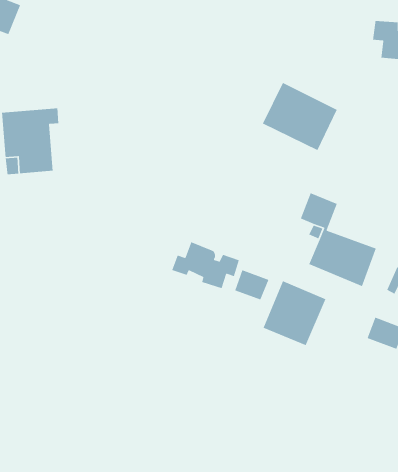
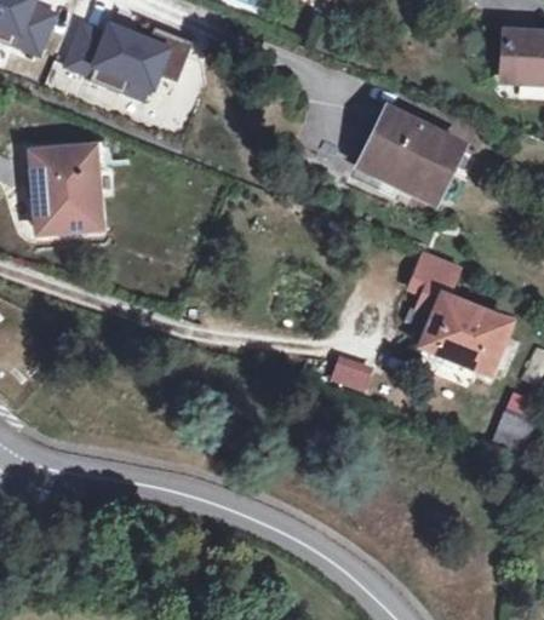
building: none -> [68,25,193,93]
building: [171,241,240,289] -> none
building: [262,280,326,346] -> none

